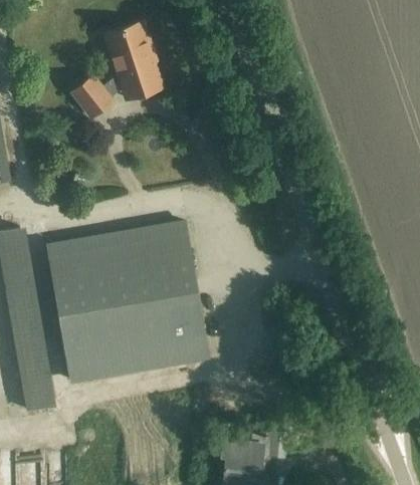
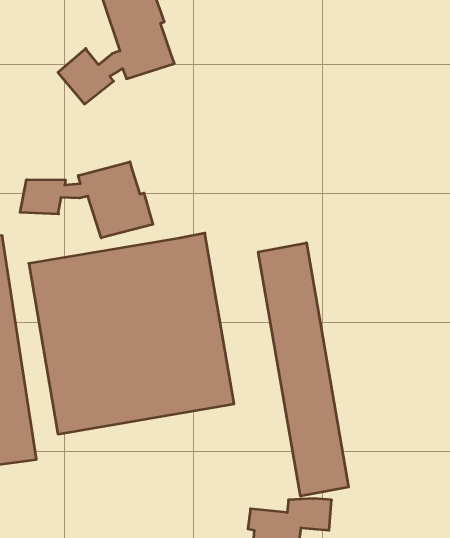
building: none -> [20,162,153,238]
building: none -> [258,243,349,496]

